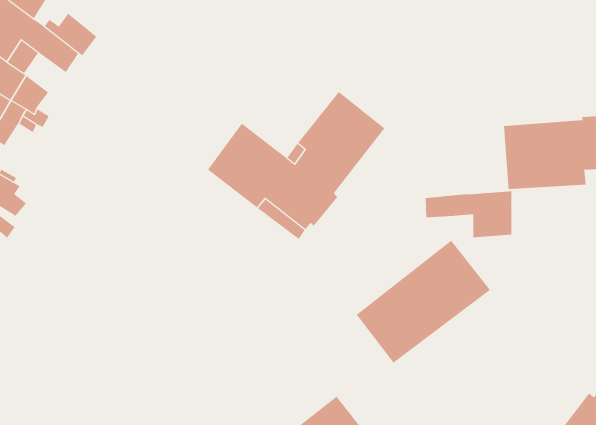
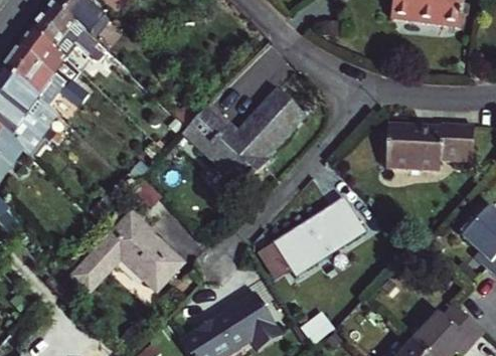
building: [425,190,512,238] -> none
building: none -> [73,210,185,292]

